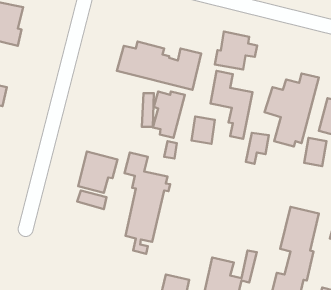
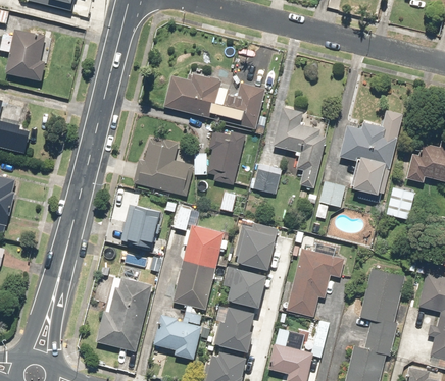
building: [215,31,257,69] -> none
building: none -> [137,144,190,197]
building: none -> [244,219,282,266]
building: none -> [287,240,340,315]
building: none -> [235,266,271,304]
building: none -> [95,279,148,351]
building: none -> [222,303,256,348]
building: none -> [152,316,199,362]

